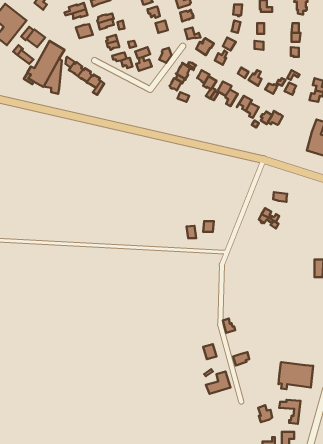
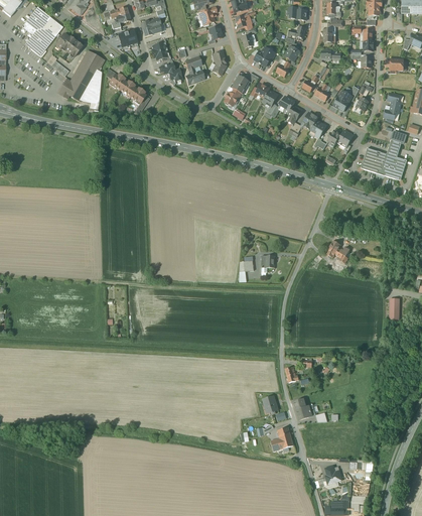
building: none -> [360,147,386,174]
building: [278,362,313,389] -> none

